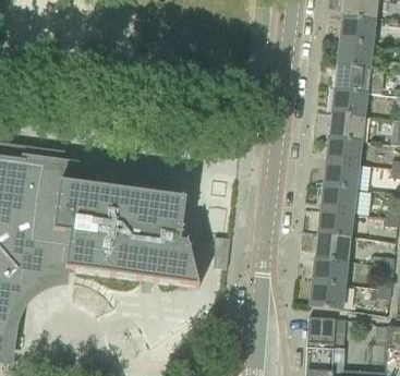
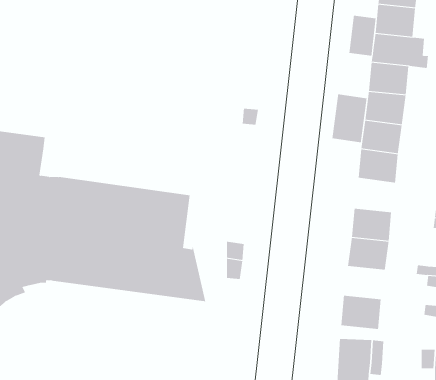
building: none -> [349,15,376,56]
building: none -> [332,93,367,143]
building: [322,184,356,213] -> none
building: [313,257,348,284] -> none

